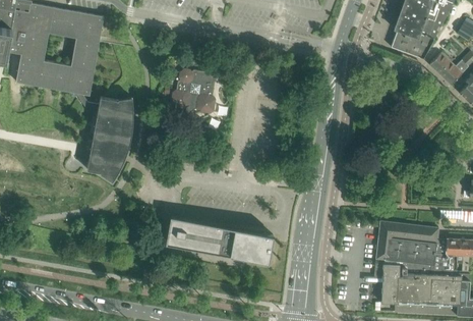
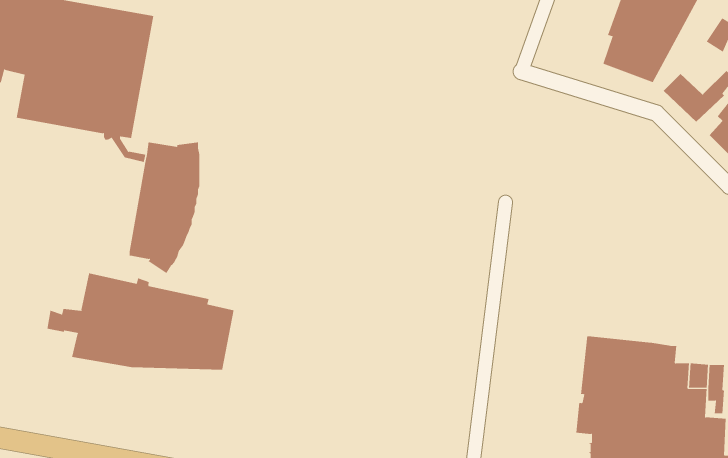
building: [171,70,216,119] -> none
building: none -> [47,273,234,371]
building: [167,217,273,263] -> none

